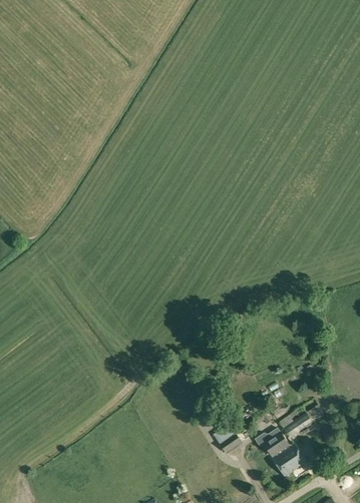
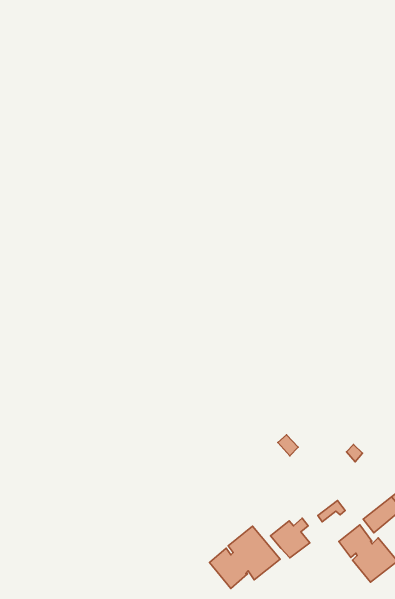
building: none -> [210,526,280,588]

